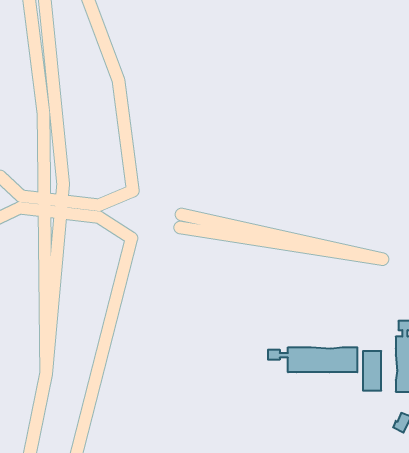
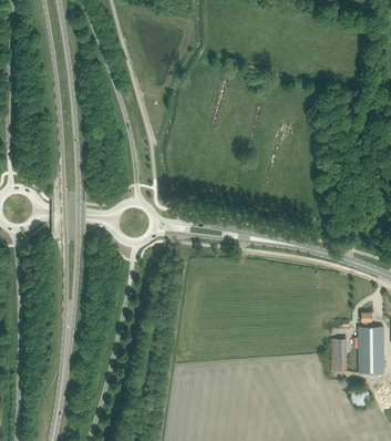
building: [268,347,357,372] -> none

